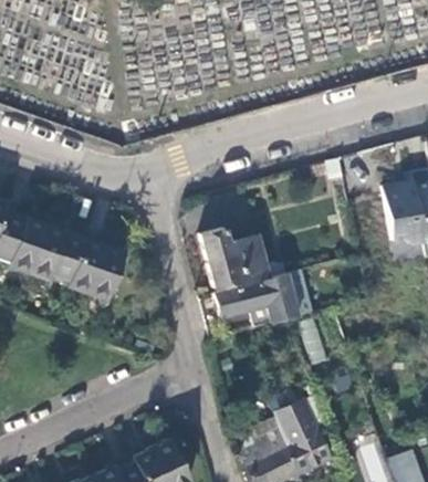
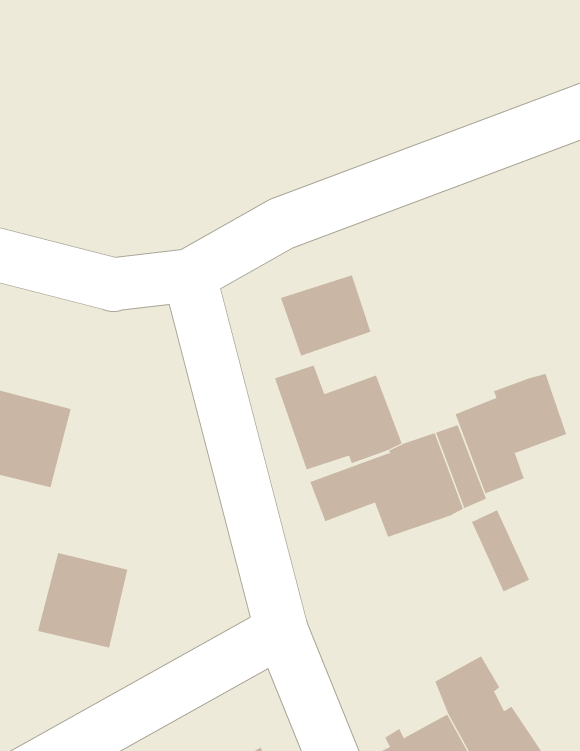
building: none -> [280,275,371,357]
building: [70,241,124,297] -> [37,552,128,648]
building: none -> [455,373,567,494]

